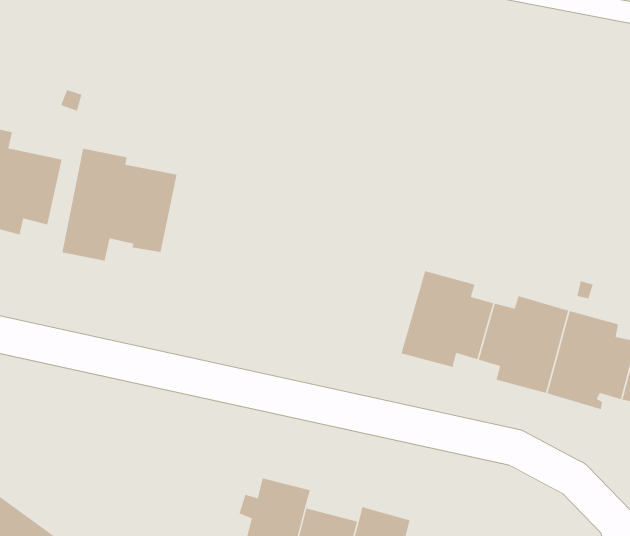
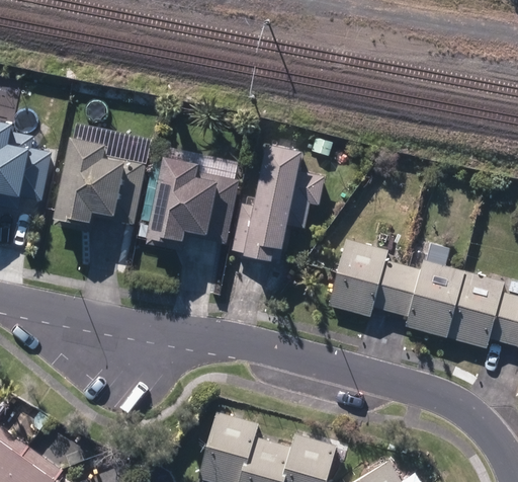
building: none -> [233,148,325,264]
building: none -> [145,160,239,253]

